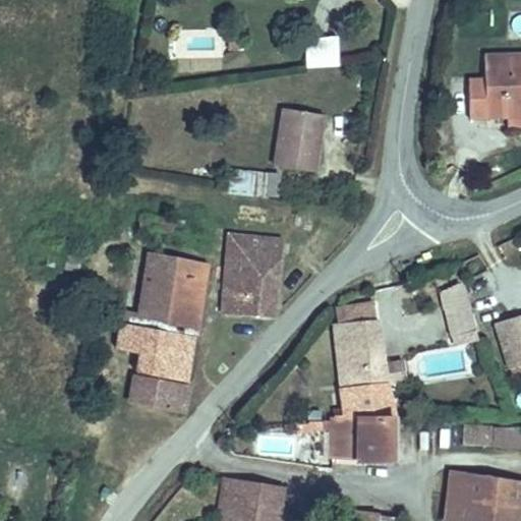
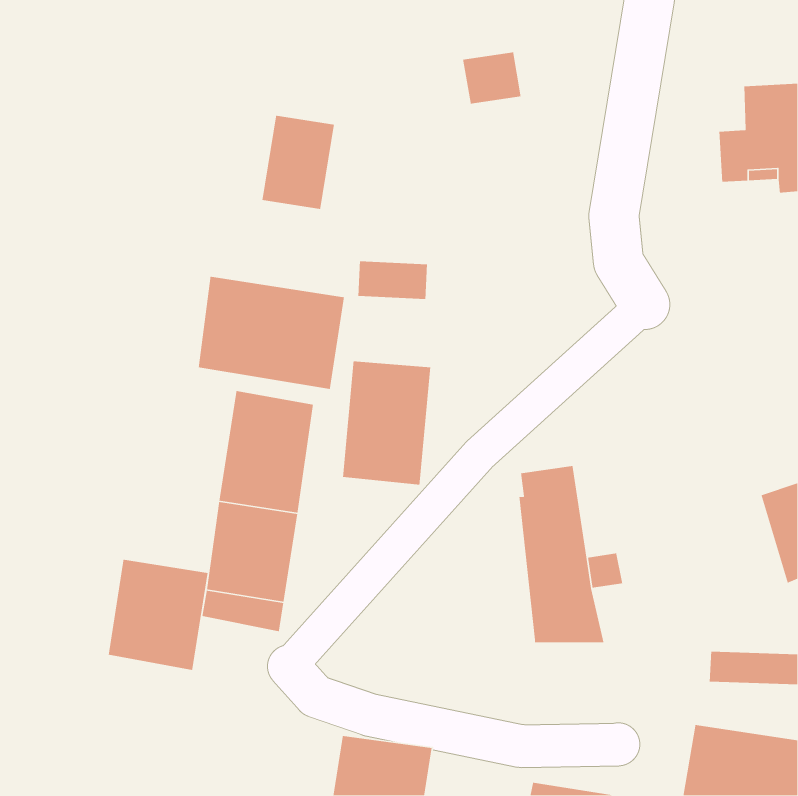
building: [275,109,323,171] -> [261,115,335,210]
building: none -> [198,276,345,390]
building: [435,280,477,346] -> none
building: none -> [108,559,209,671]
building: [323,417,394,460] -> none

